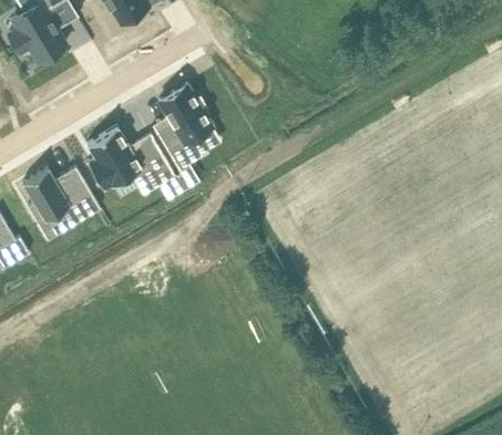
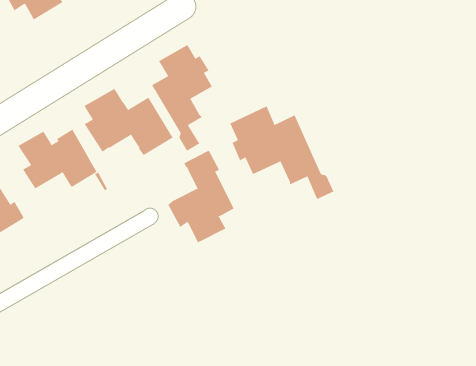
building: none -> [229,106,334,200]
building: none -> [168,150,235,243]

